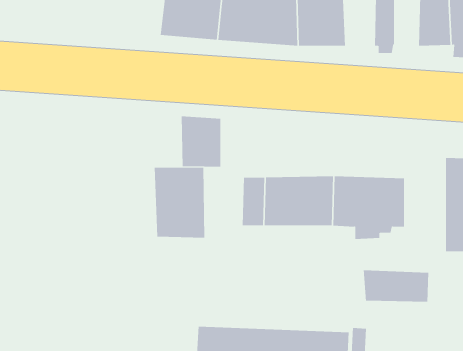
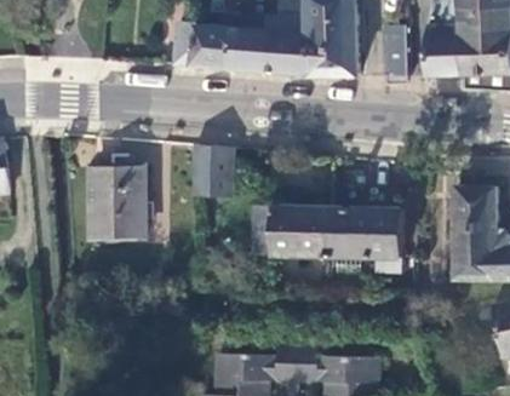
building: [154,167,205,238] -> [93,168,144,239]
building: [363,269,429,303] -> none

